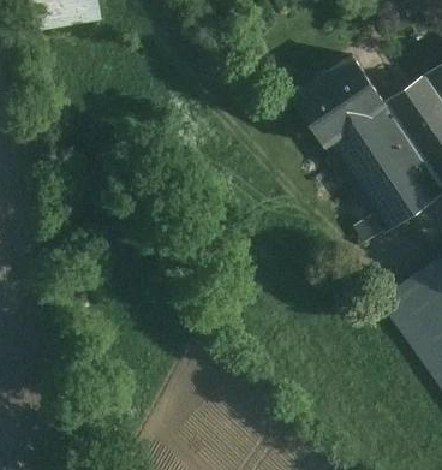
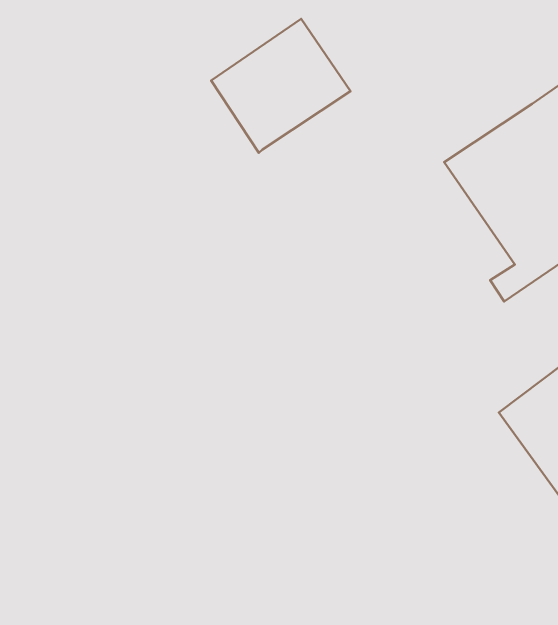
building: [298,52,393,143] -> [211,19,350,153]

